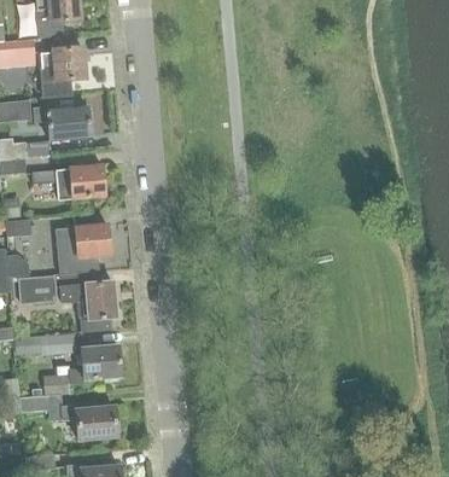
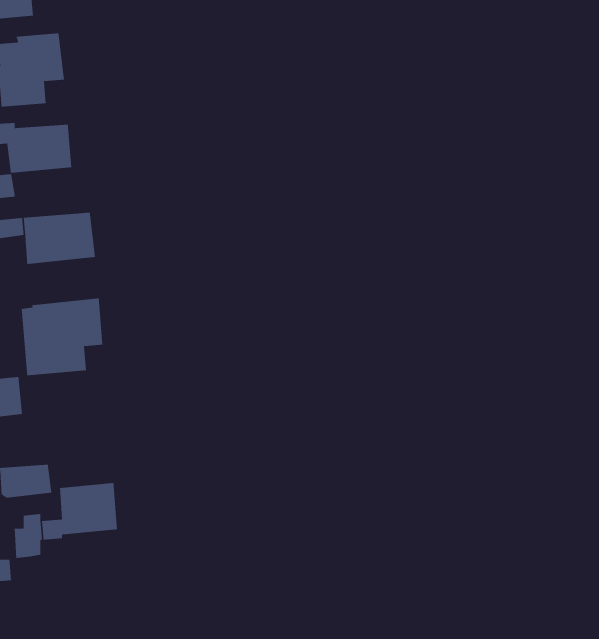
building: [59,281,118,332] -> none
building: [62,405,117,438] -> none

